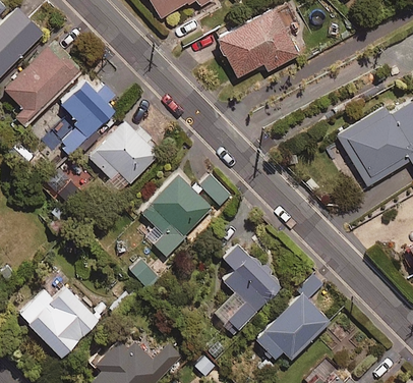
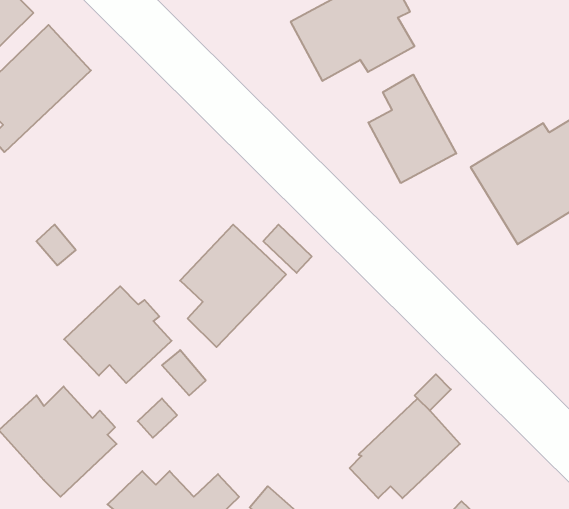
building: none -> [368,75,456,183]
building: [58,77,116,154] -> none
building: [87,119,160,184] -> [64,286,172,383]
building: [222,243,281,335] -> none

